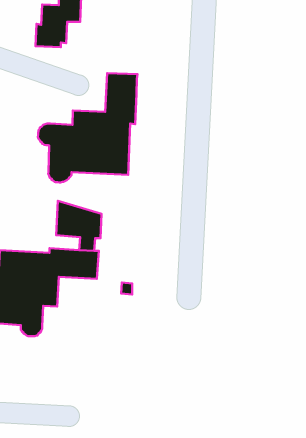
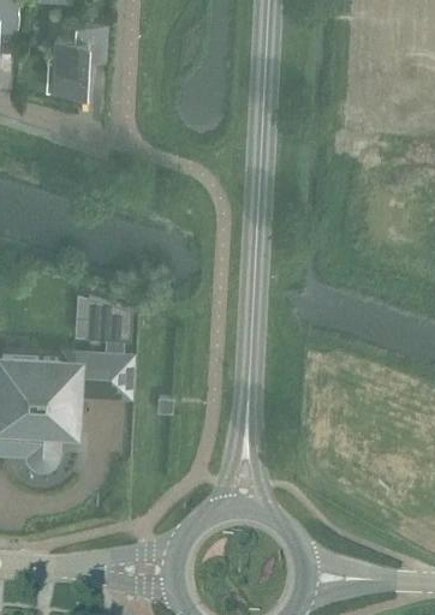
building: [38,73,137,183] -> none

